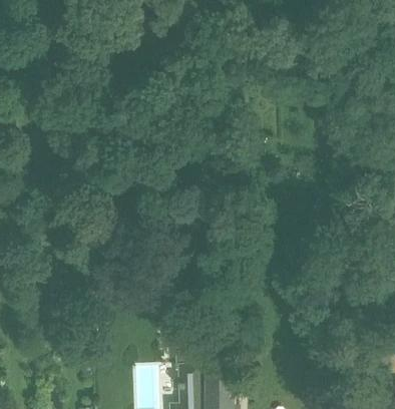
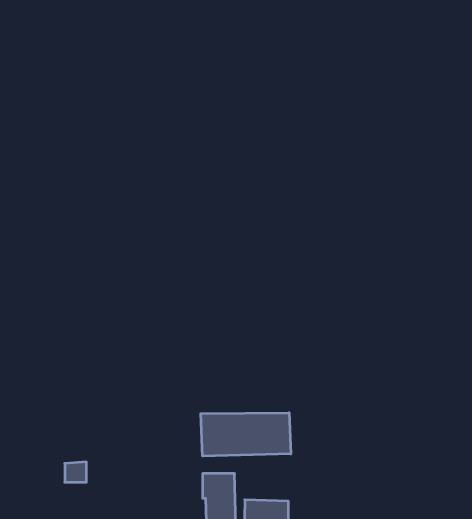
building: none -> [201,413,291,456]

